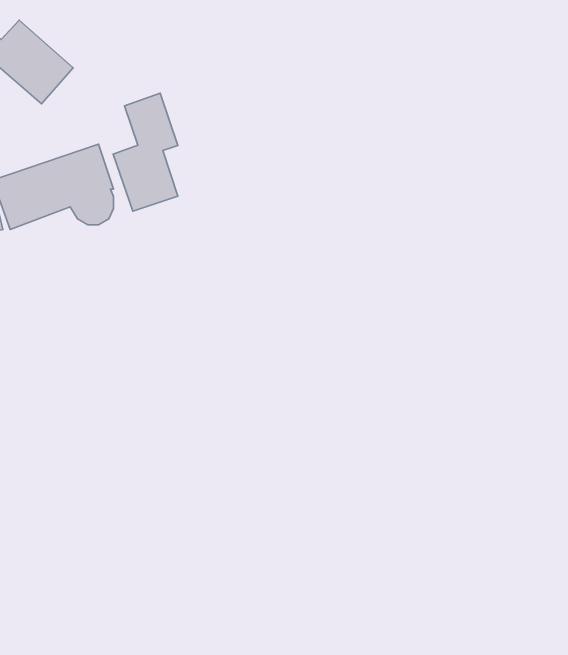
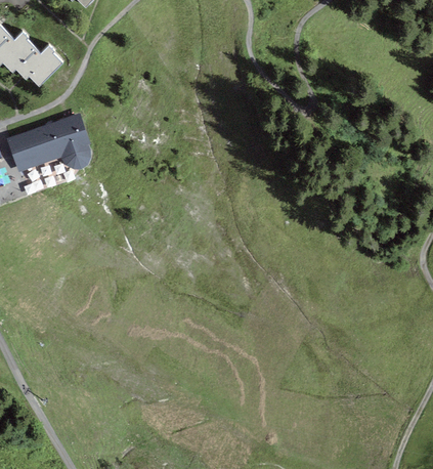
building: [113,93,178,211] -> none

